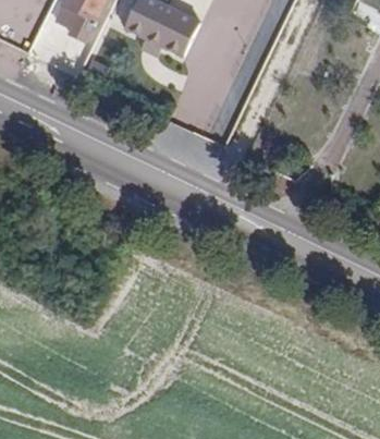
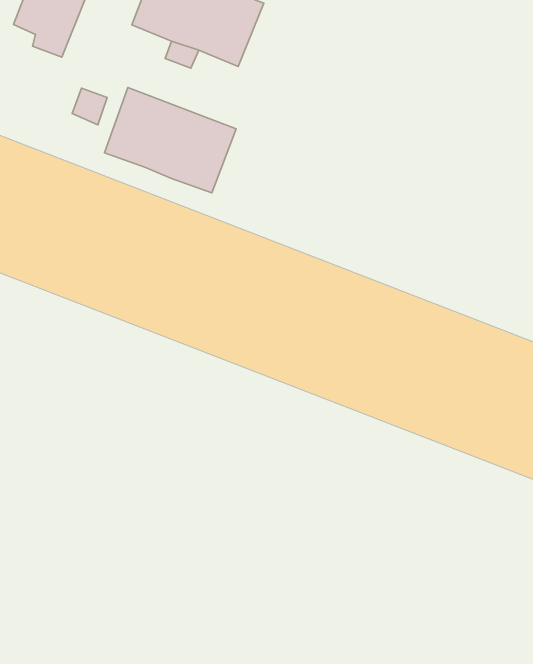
building: none -> [104,88,236,193]

